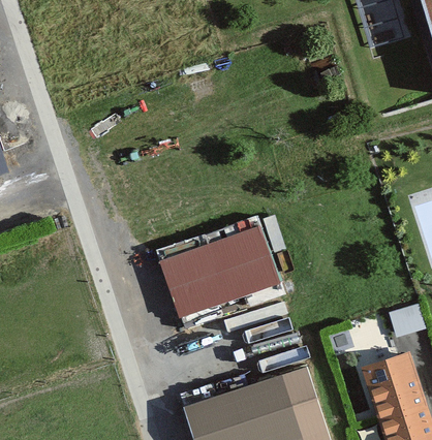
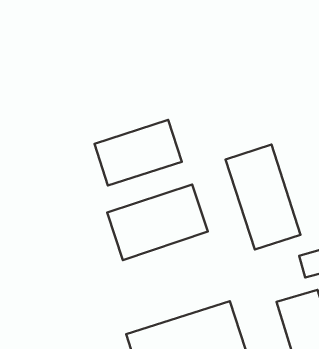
building: none -> [94,120,182,186]
building: none -> [225,144,300,249]

